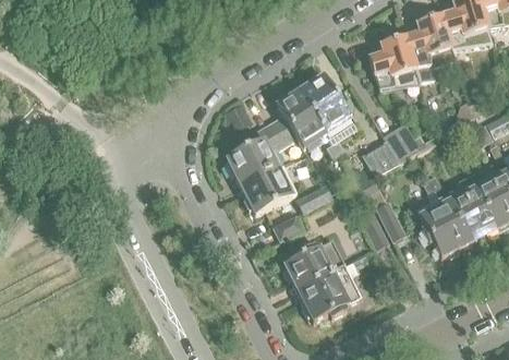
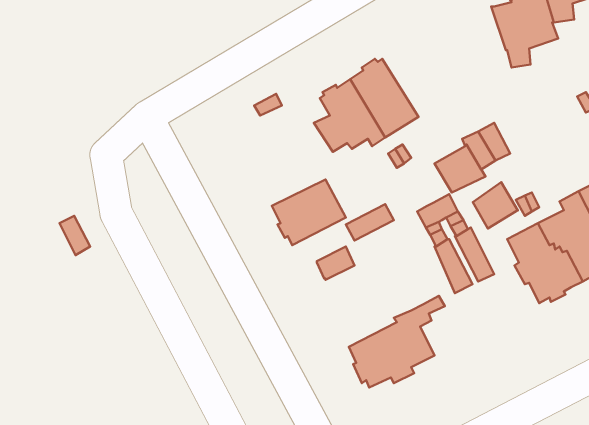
building: [367,35,420,91] -> none
building: [226,122,286,184] -> none
building: none -> [473,182,518,228]
building: [283,240,344,290] -> none

